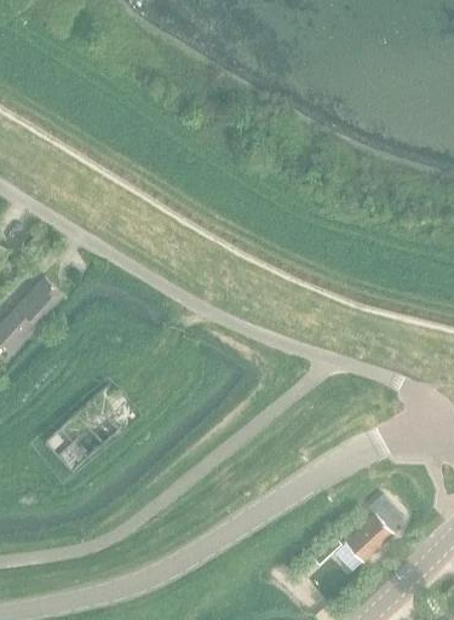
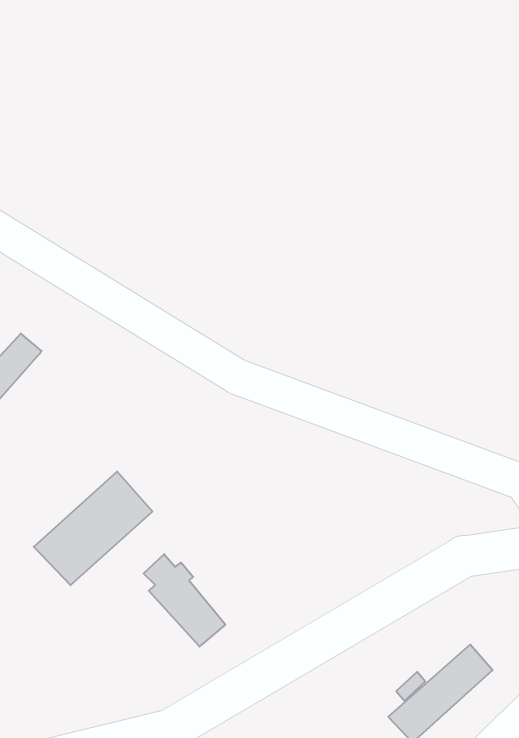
building: none -> [144,554,225,647]

